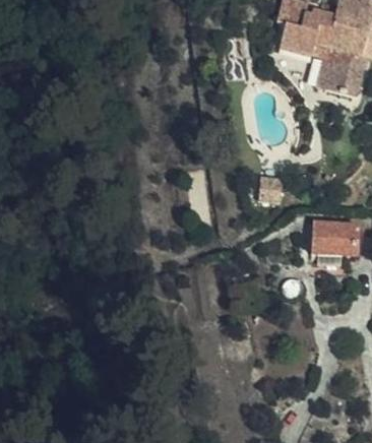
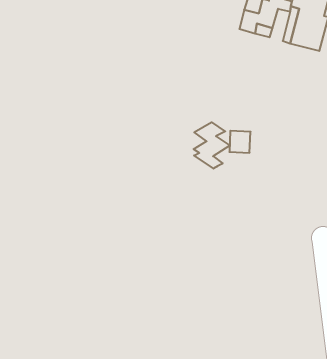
building: none -> [194,122,230,169]
building: [313,221,358,254] -> none

